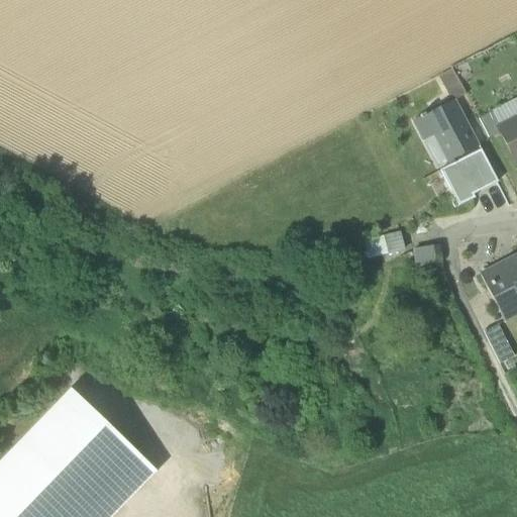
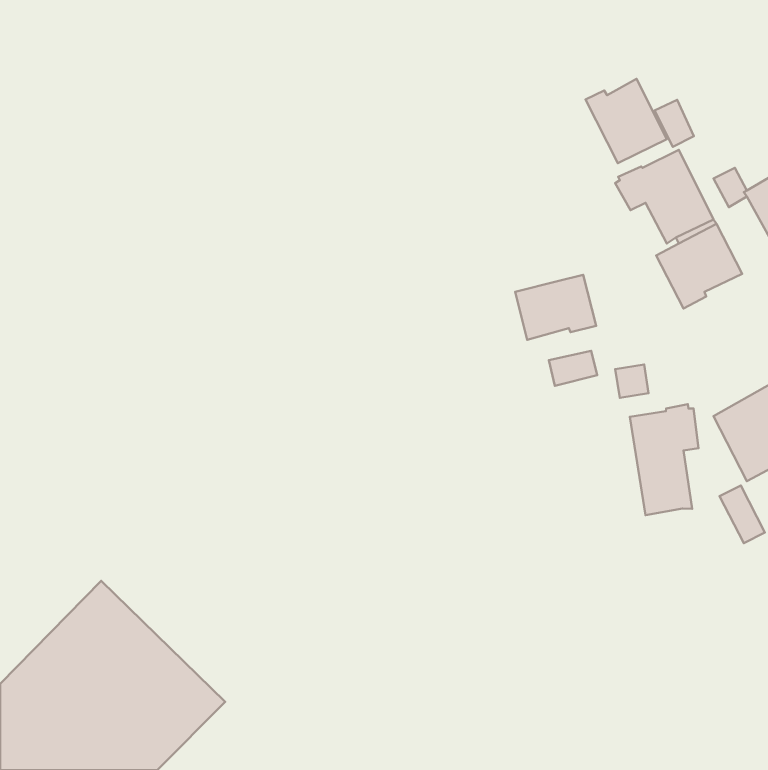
building: none -> [586,79,667,163]
building: none -> [515,275,596,340]
building: none -> [630,404,699,515]

